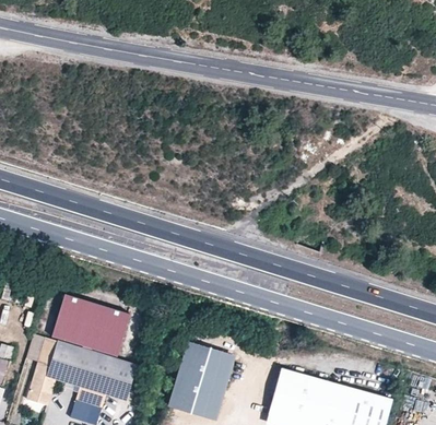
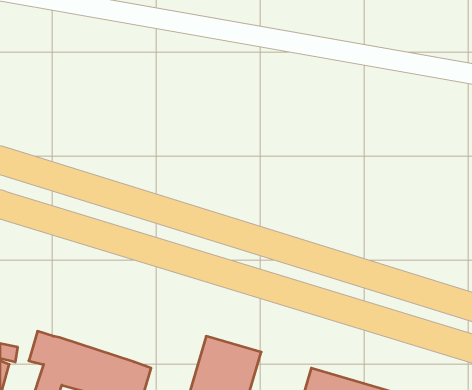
building: [56,298,137,362] -> none

